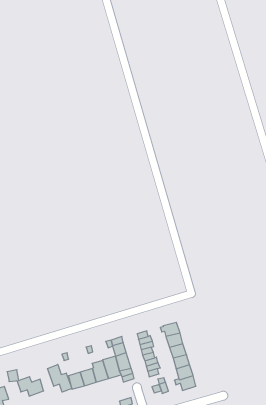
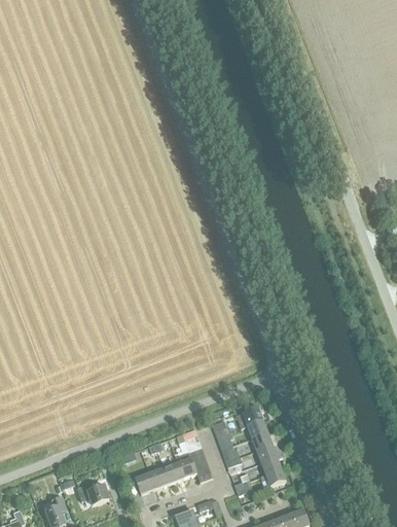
building: [48,364,72,392] -> none

